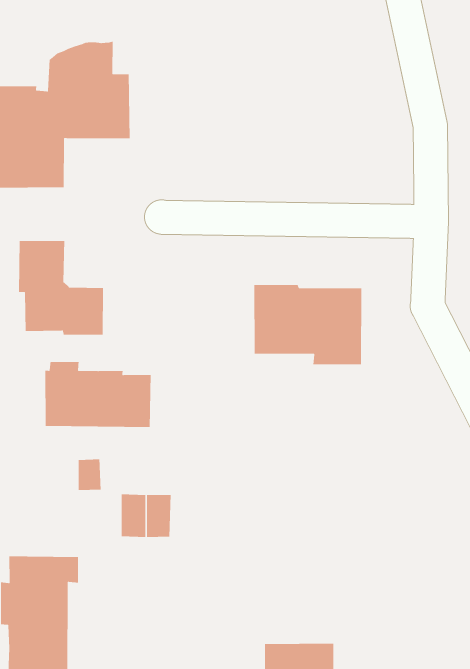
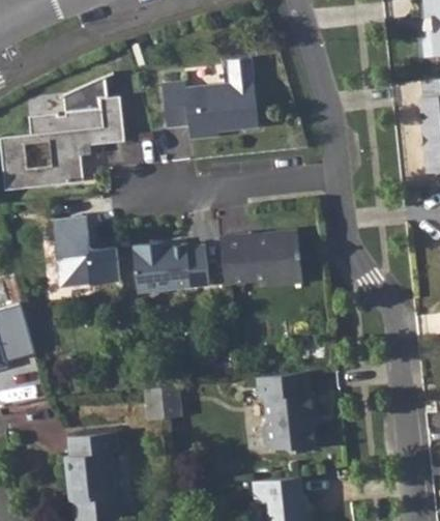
building: none -> [160,58,256,136]
building: [44,361,151,428] -> [129,242,207,290]
building: none -> [256,372,316,452]

